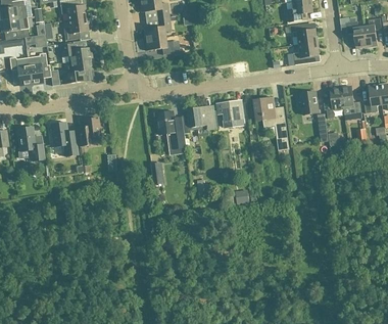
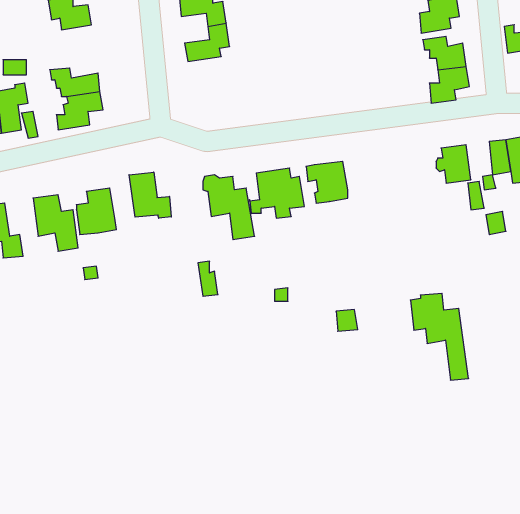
building: [64,16,89,40] -> none
building: [146,36,181,54] -> none
building: [254,96,290,149] -> [410,293,469,380]
building: none -> [129,172,171,218]

